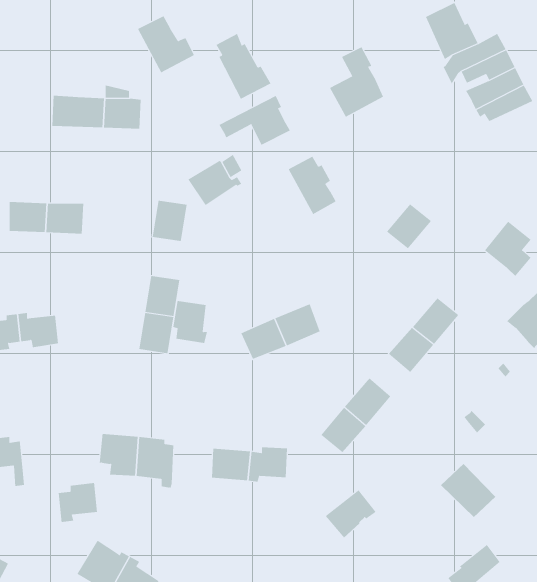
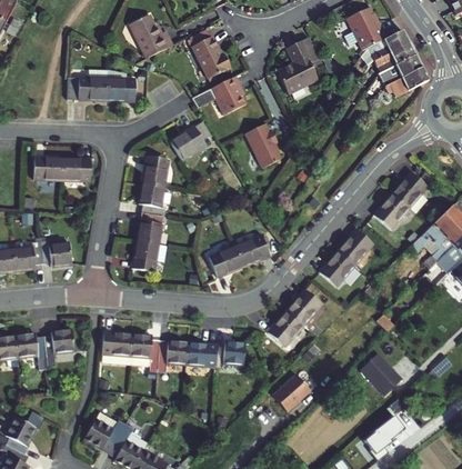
building: [386,203,432,249] -> [374,193,409,228]
building: [172,301,208,343] -> [139,183,165,216]
building: none -> [158,340,188,370]
building: [58,482,98,522] -> [43,329,73,359]

